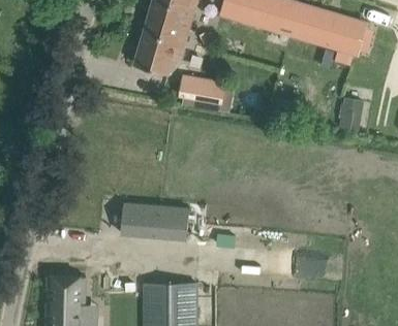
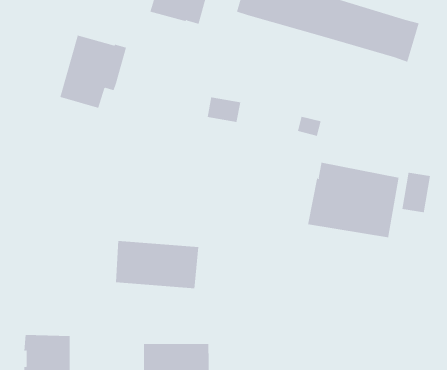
building: [134,14,189,74] -> [59,35,127,109]
building: [339,98,363,131] -> [402,172,431,213]
building: none -> [308,162,399,238]

